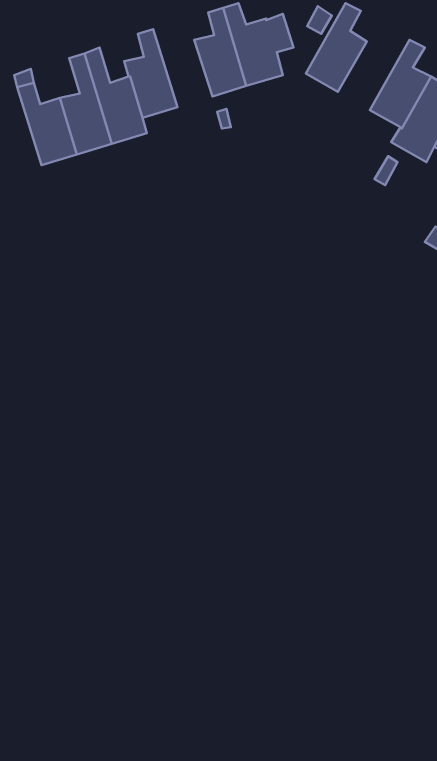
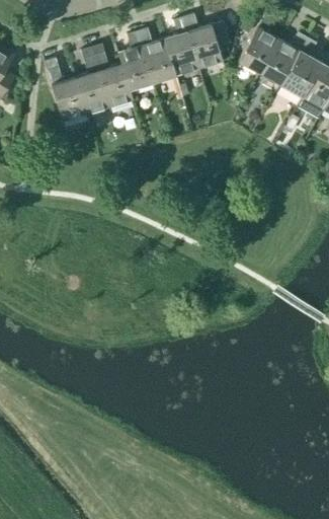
building: none -> [137,28,176,83]
building: none -> [259,32,307,85]

